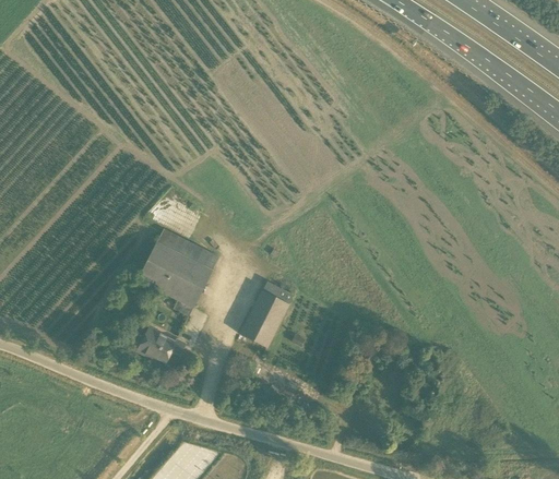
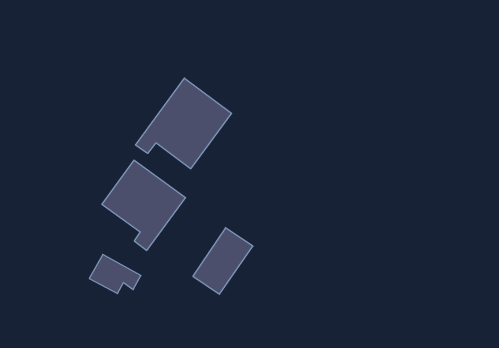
building: none -> [136,78,232,169]

